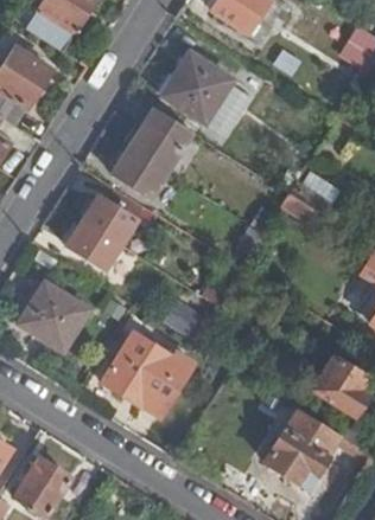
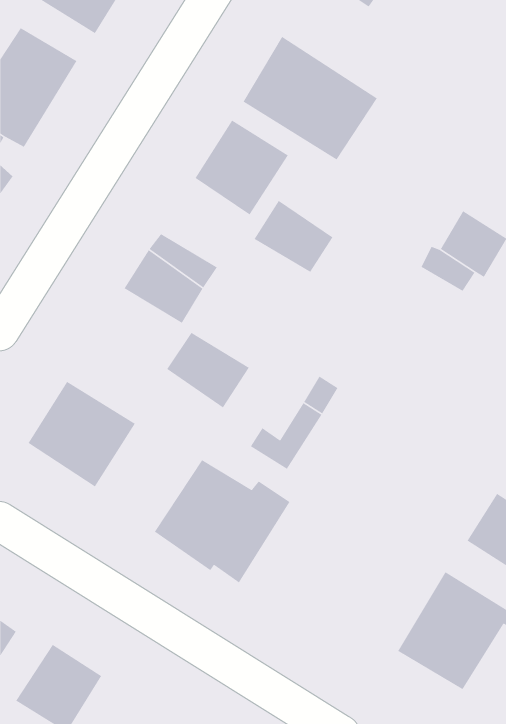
building: [114,147,167,195] -> [253,200,333,273]
building: [66,220,122,271] -> [166,332,250,408]

